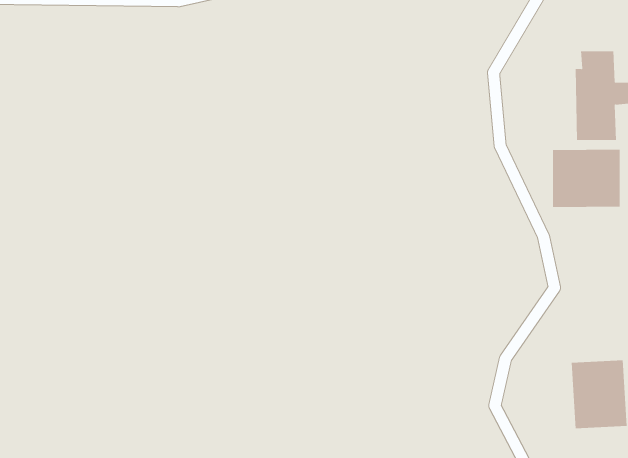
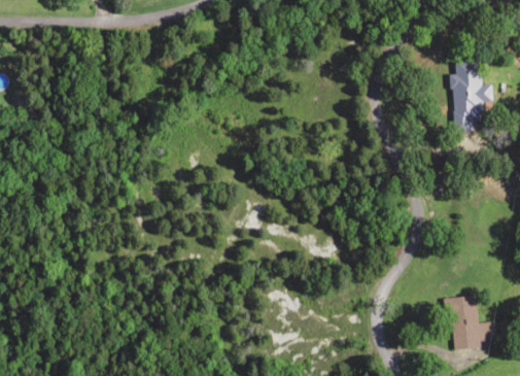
building: [552,149,620,208] -> none

